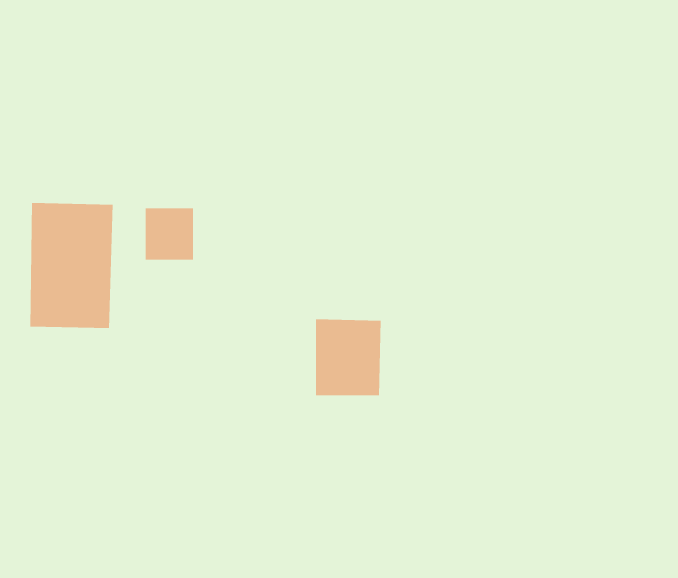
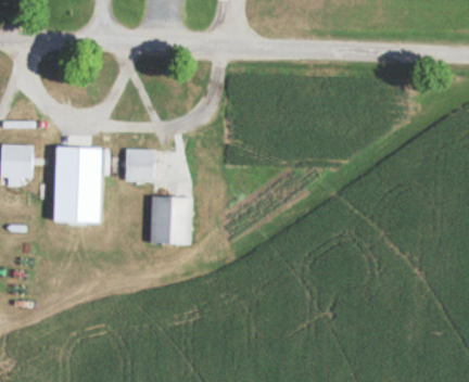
building: [315,319,382,396] -> [151,196,192,244]

